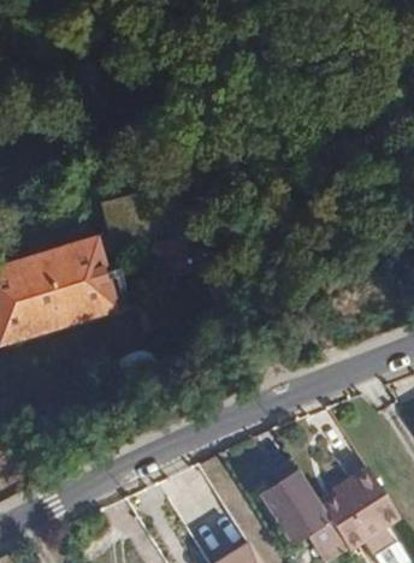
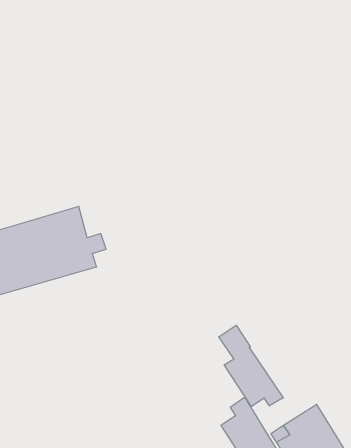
building: none -> [219,325,283,406]

